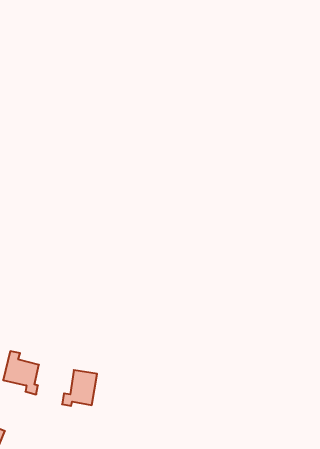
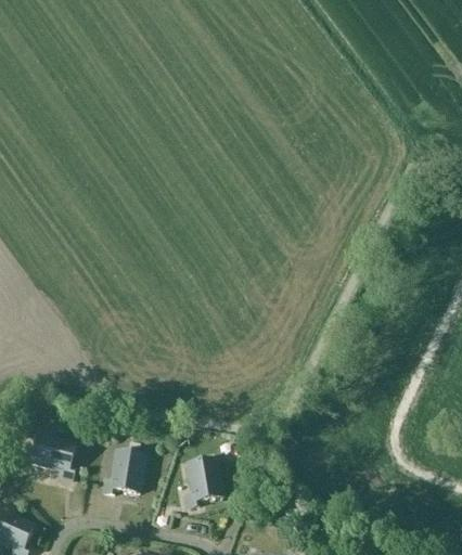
building: none -> [185,456,222,505]

